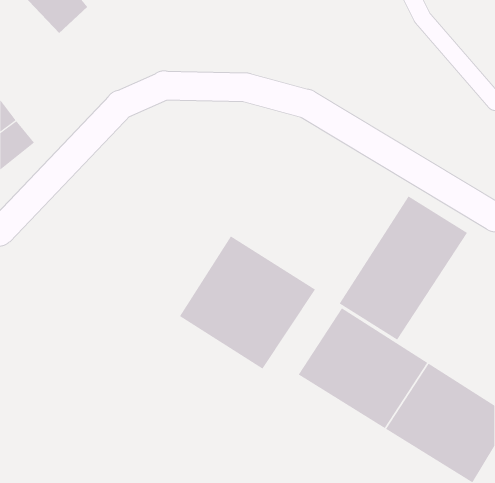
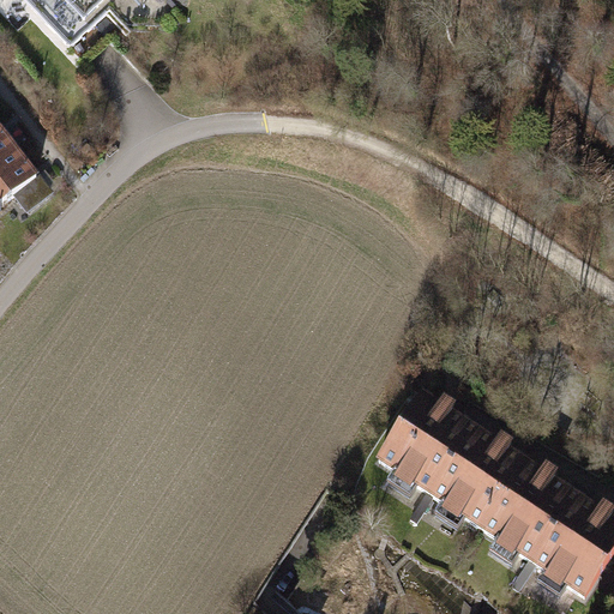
building: [339,195,468,341] -> none
building: [179,236,316,369] -> none

